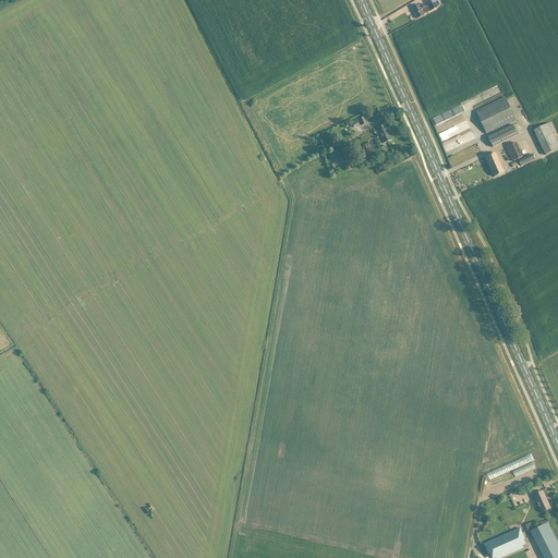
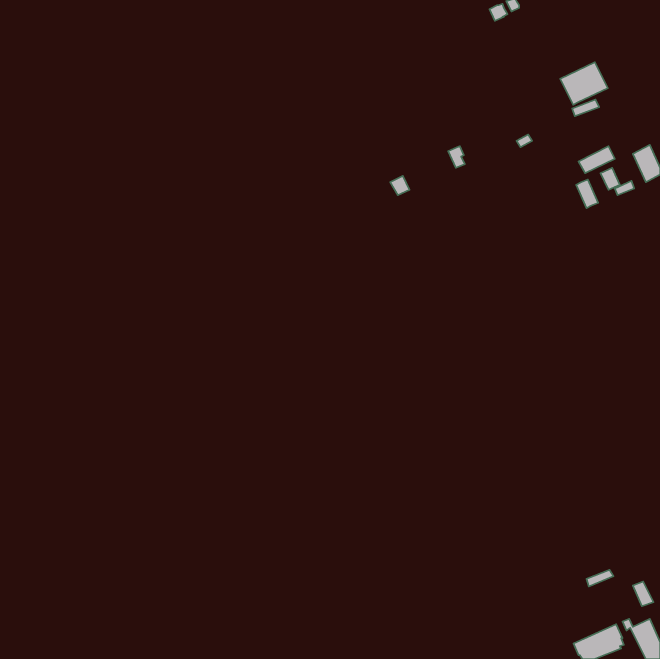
building: [476,97,517,133] -> [560,62,608,105]

